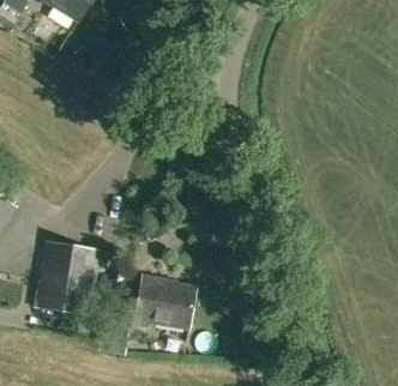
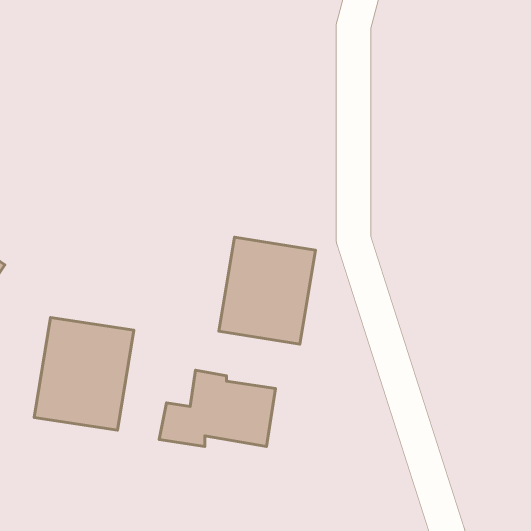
building: none -> [219,237,316,344]

